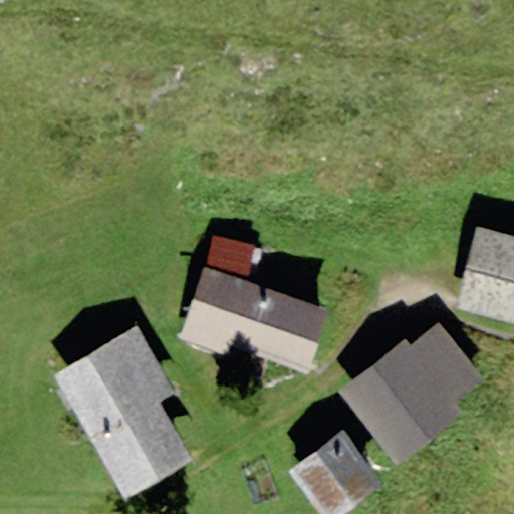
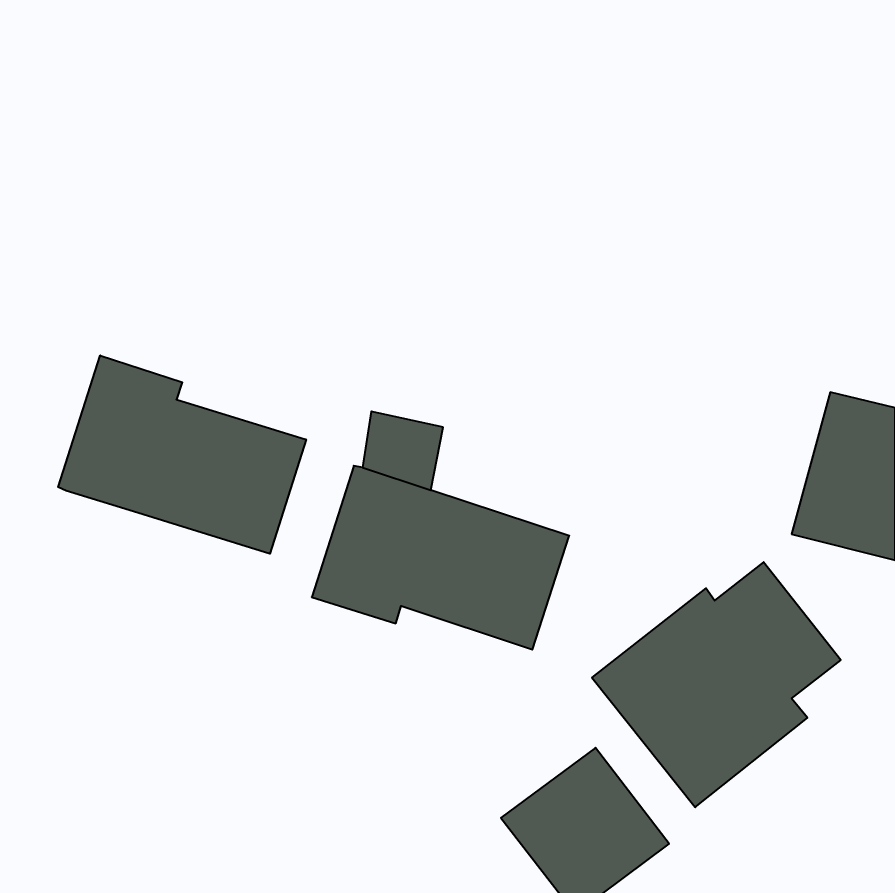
building: none -> [58,355,306,554]
building: [53,327,193,499] -> none

